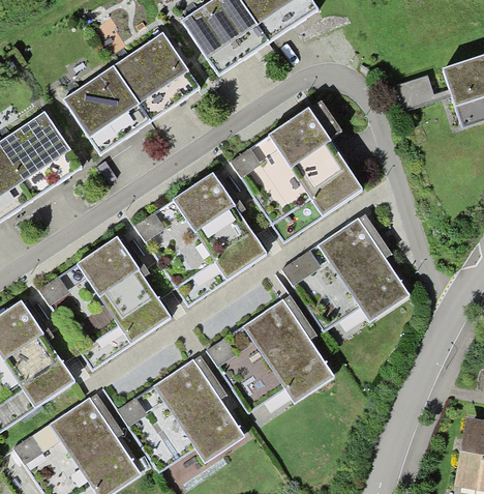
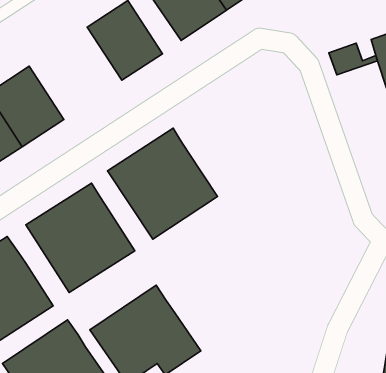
building: [66,57,154,149] -> none
building: [231,109,362,241] -> none
building: [282,217,410,331] -> none
building: [208,300,333,412] -> none

